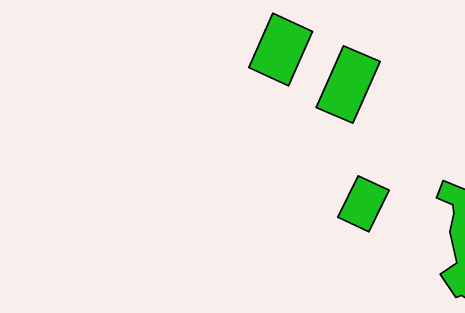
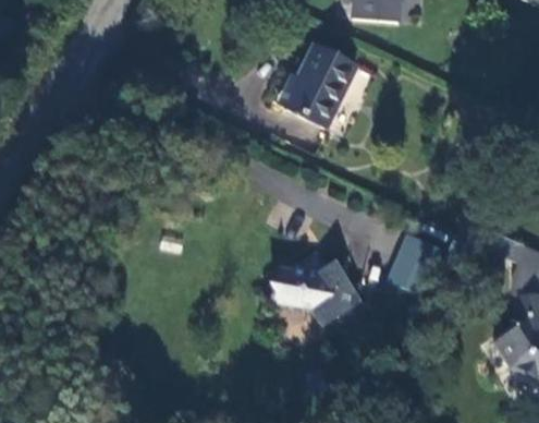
building: [316,46,380,123] -> none
building: none -> [273,257,359,327]

